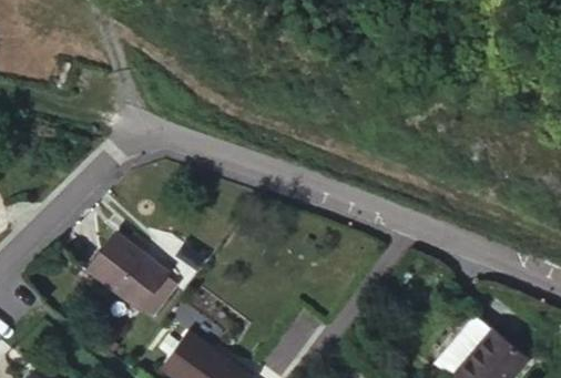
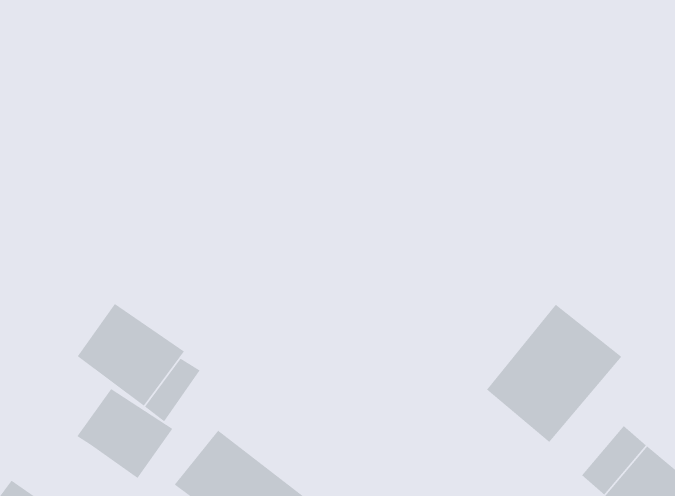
building: none -> [486,304,622,443]
building: none -> [77,388,173,479]

